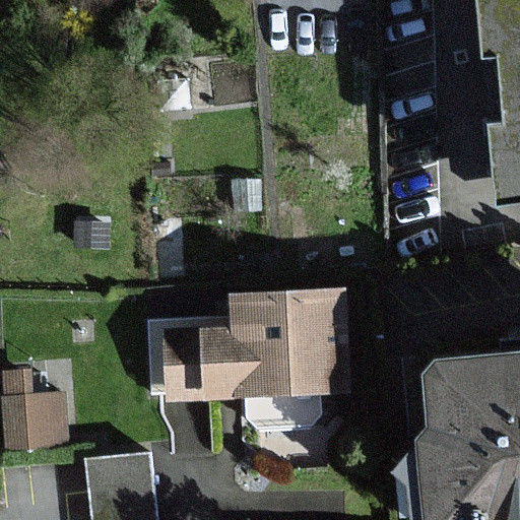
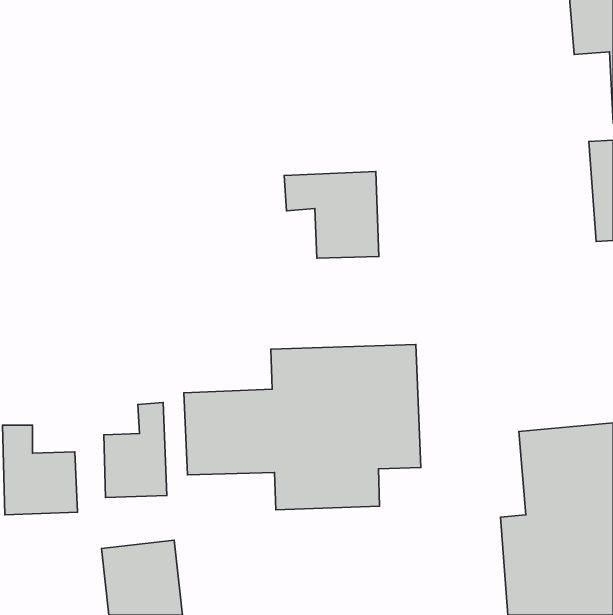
building: none -> [284,172,379,258]
building: none -> [104,403,167,498]

